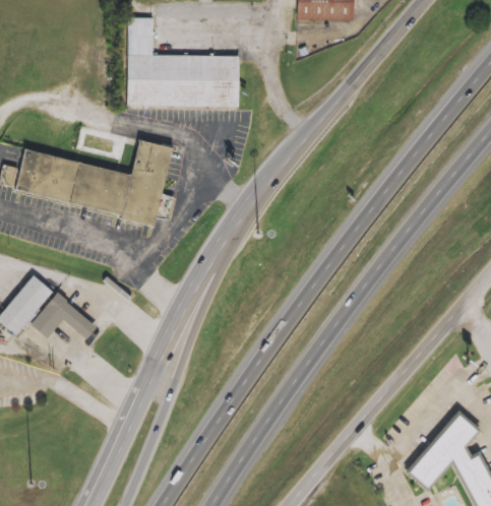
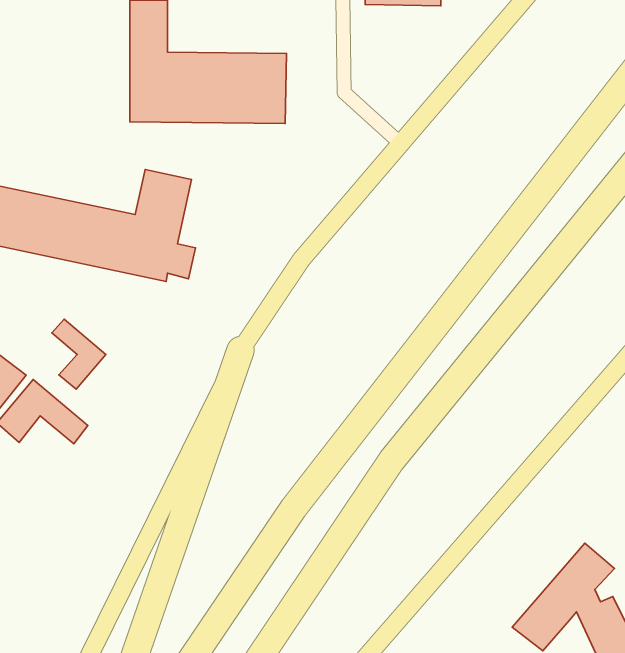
building: none -> [52,319,106,389]

